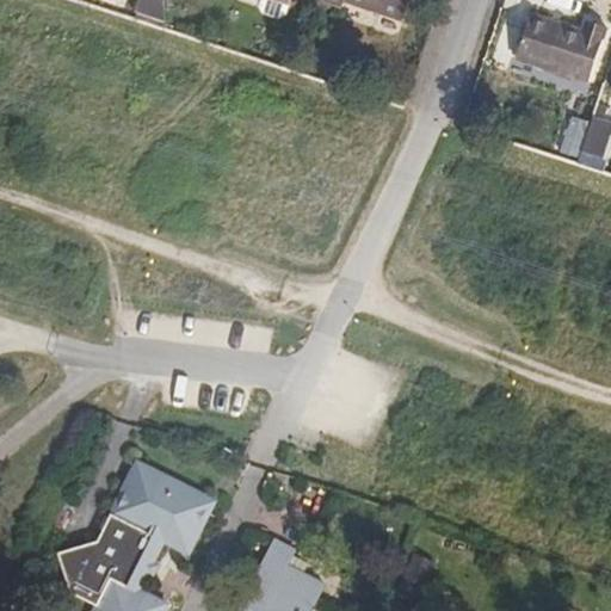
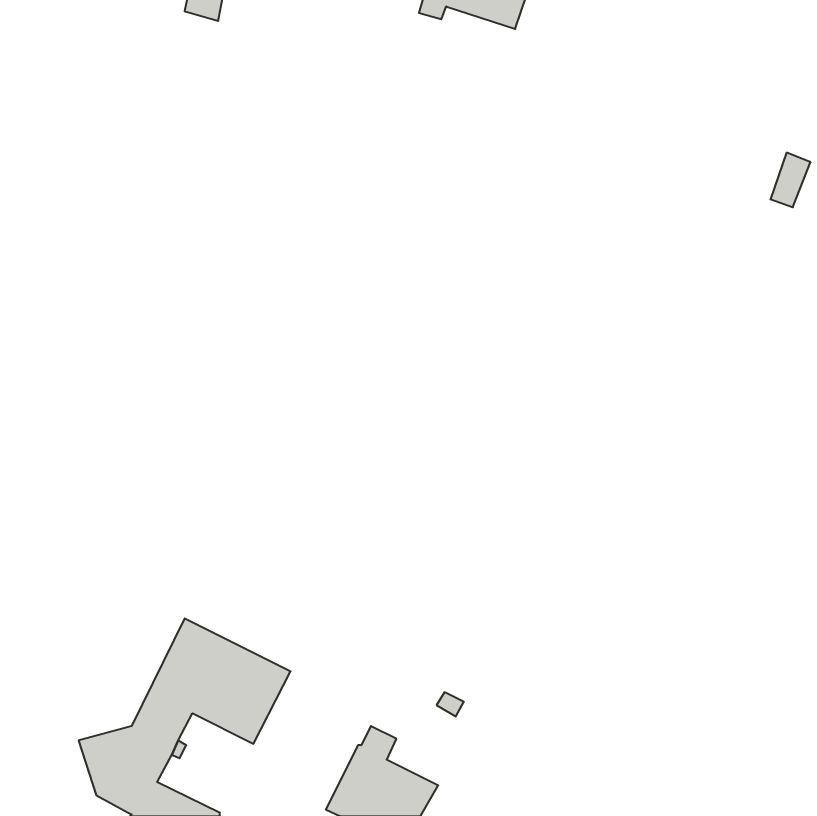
building: [512,19,600,86] -> none

